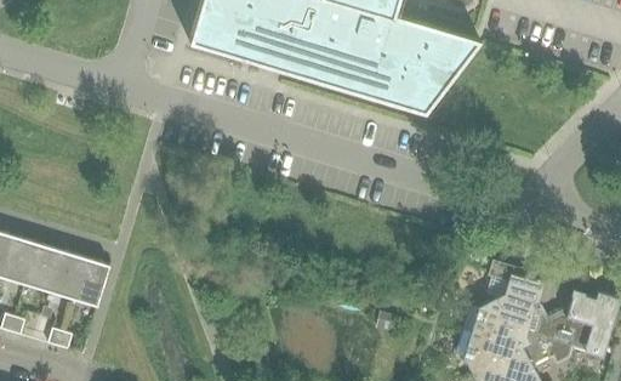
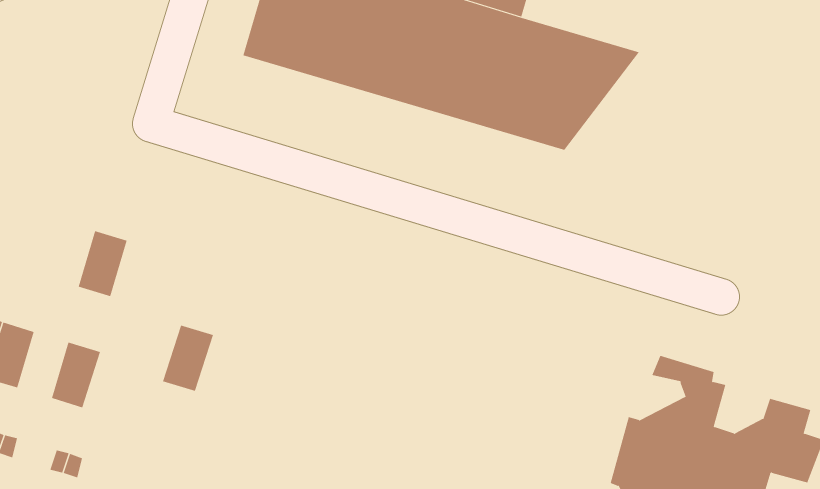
building: [27,246,63,295] -> [78,230,128,297]
building: [74,261,112,309] -> [162,325,214,391]

